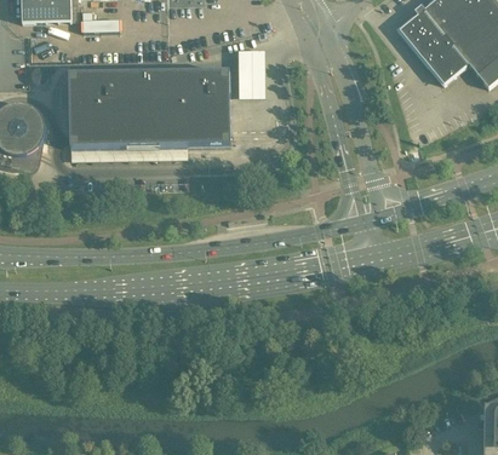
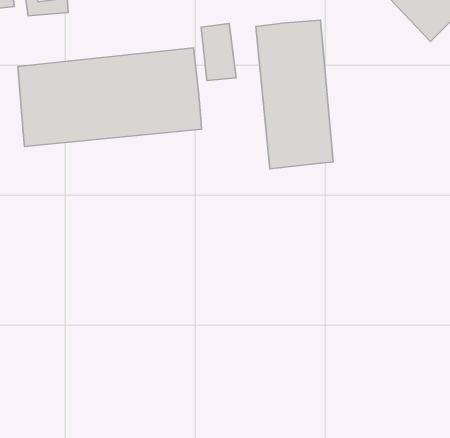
building: none -> [256,20,333,169]

